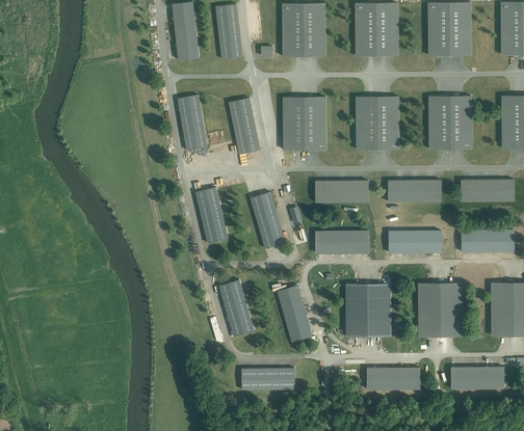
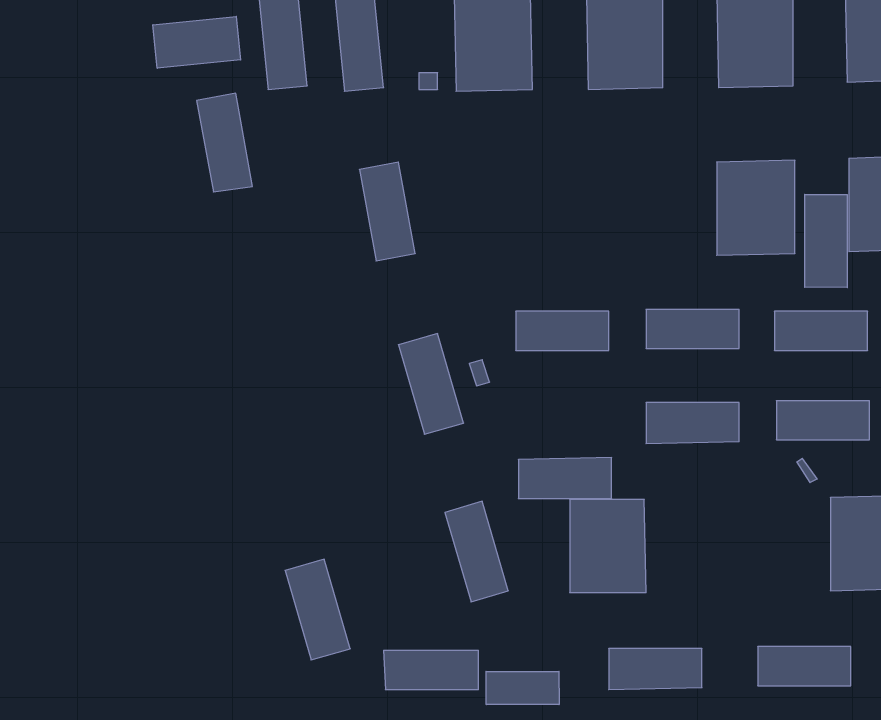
building: none -> [153,16,241,68]
building: [177,95,208,150] -> [197,93,252,192]
building: [356,96,398,147] -> none
building: [282,98,324,150] -> none
building: none -> [805,194,847,288]
building: [194,188,228,243] -> none
building: [315,230,367,252] -> [518,458,612,499]
building: [218,280,255,336] -> [285,559,350,660]
building: [419,284,462,335] -> none
building: none -> [486,671,559,705]

